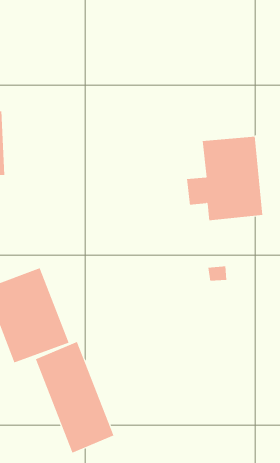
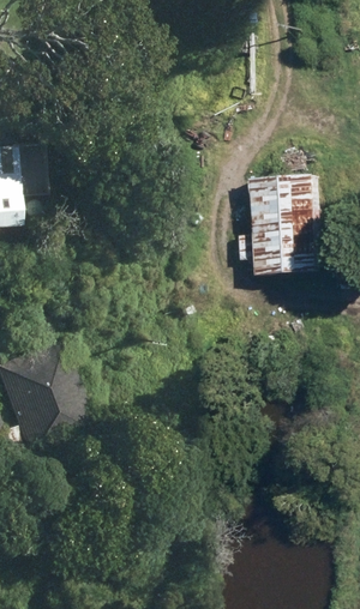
building: [35,341,114,454] -> none

